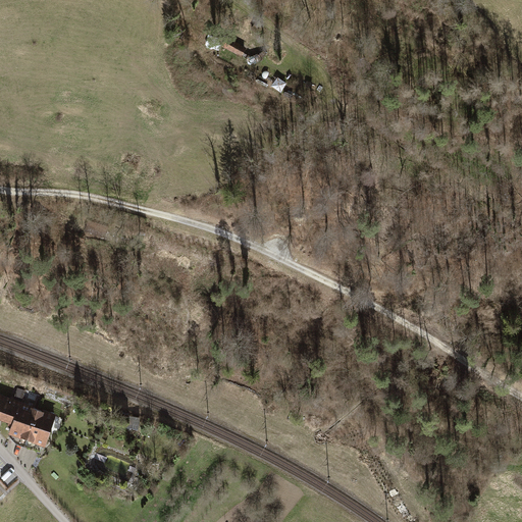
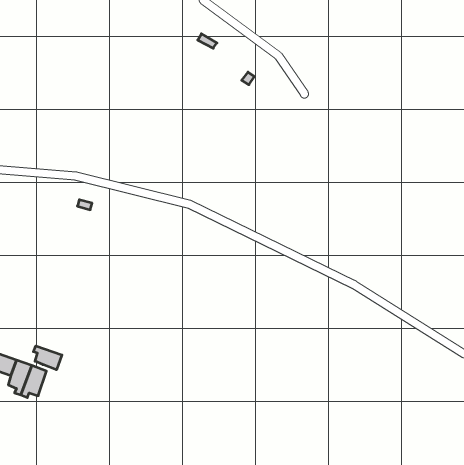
building: none -> [33,346,62,370]

